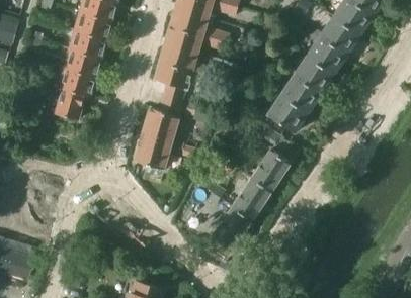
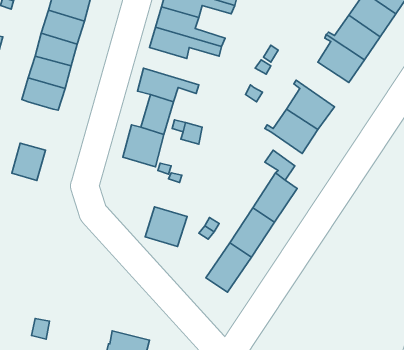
building: [160,43,219,77] -> none
building: [289,56,333,93] -> none
building: [56,89,84,120] -> [12,143,45,180]
building: [135,135,170,169] -> [145,207,187,246]

